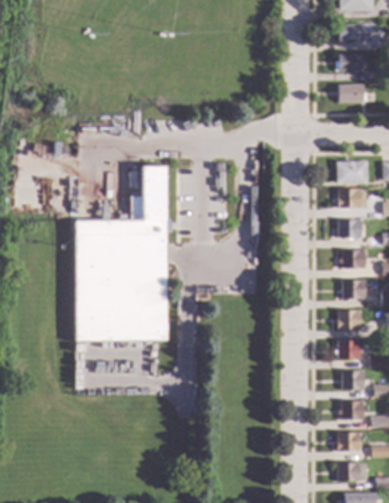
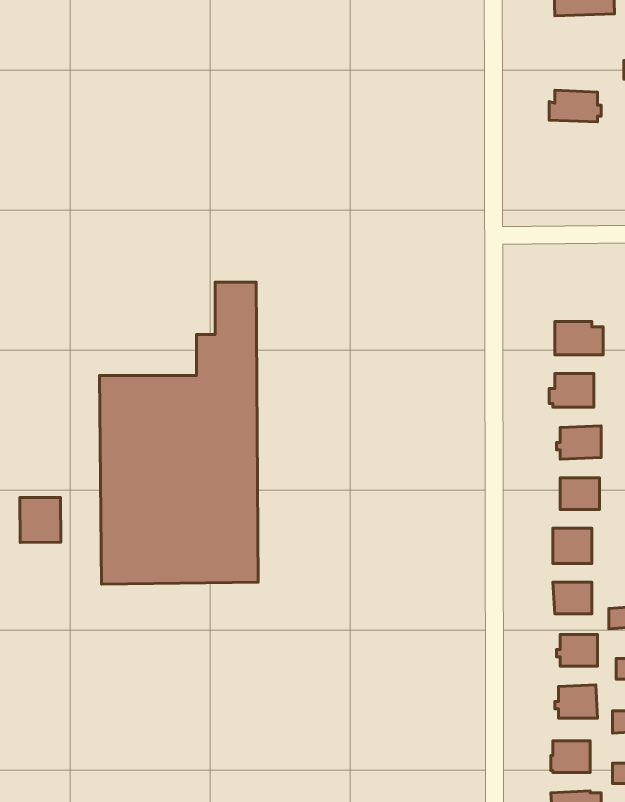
building: [339,24,365,42] -> none
building: [337,85,366,104] -> none
building: [337,162,368,183] -> none
building: none -> [20,497,61,543]

